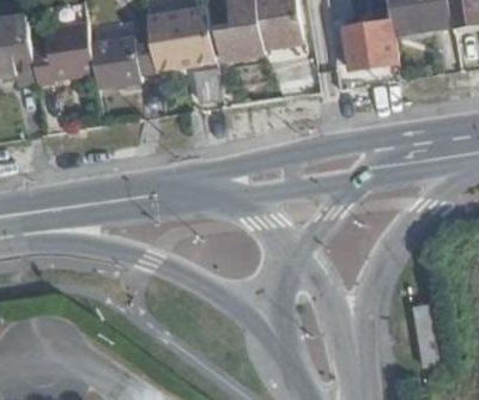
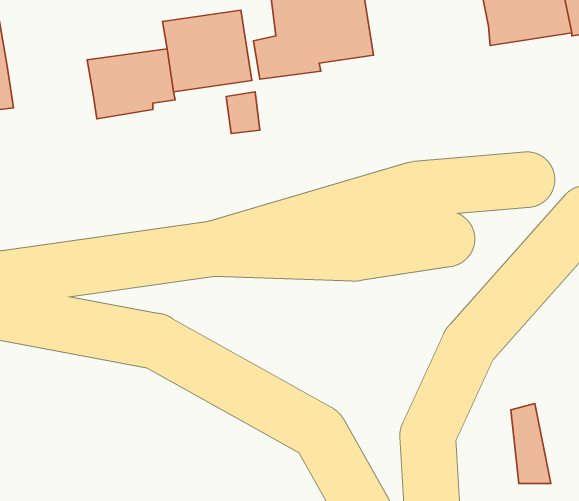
building: [344,22,398,72] -> none
building: [31,25,96,86] -> none

